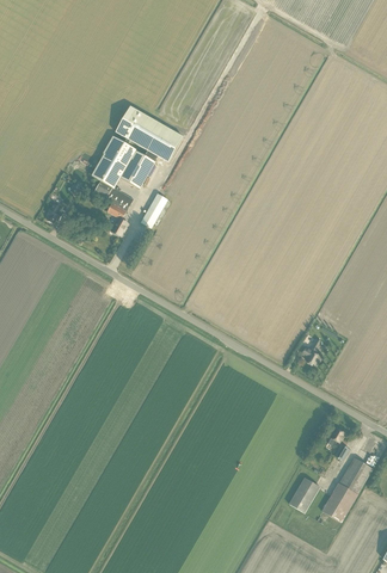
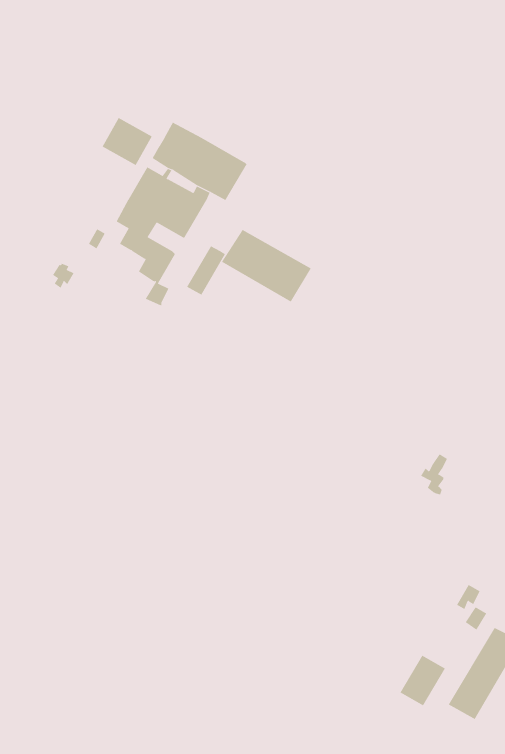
building: none -> [102,117,153,166]
building: none -> [221,229,311,303]

